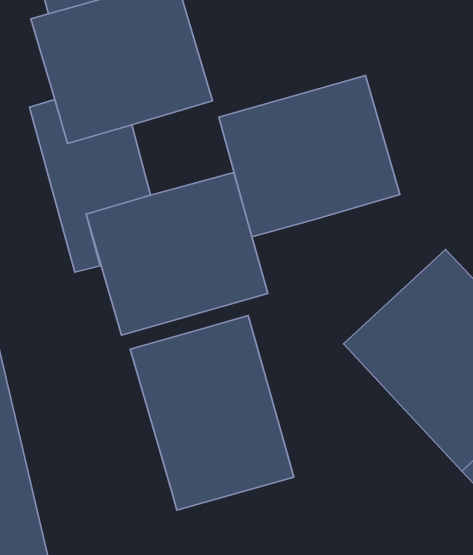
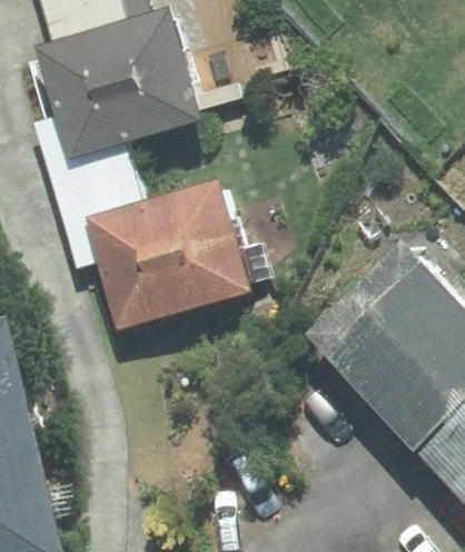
building: [219,76,400,237] -> none
building: [130,315,294,510] -> none

